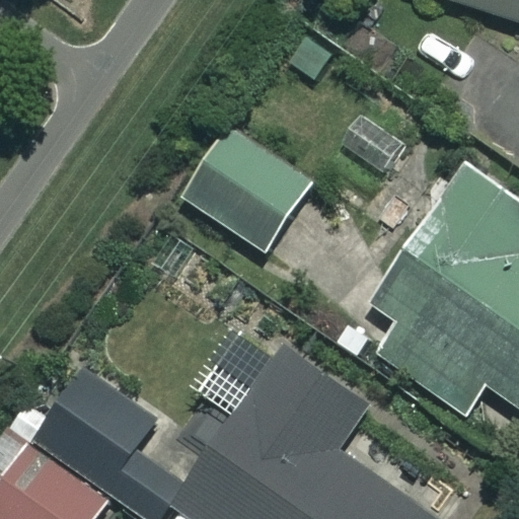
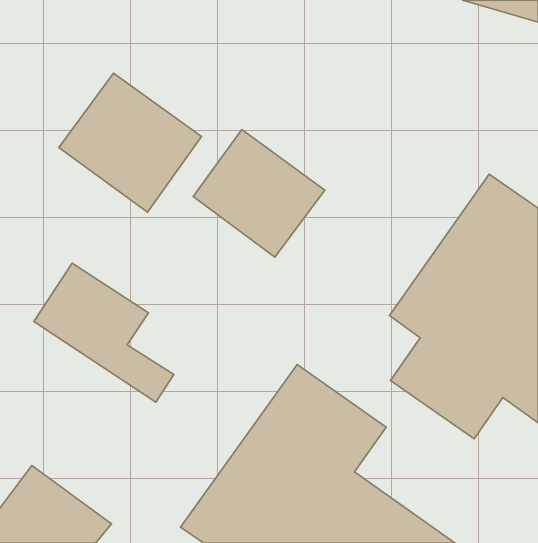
building: none -> [59,73,202,212]
building: [43,369,176,502] -> [34,263,174,402]

